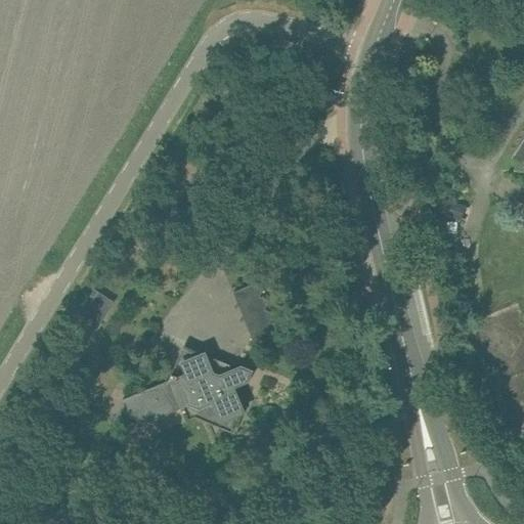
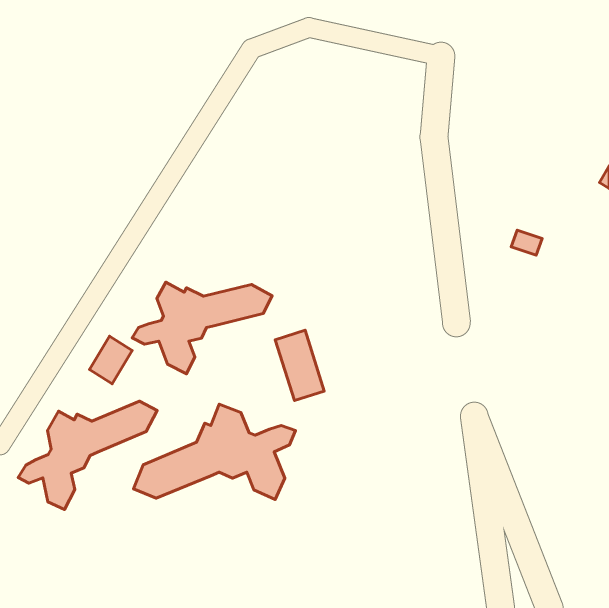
building: none -> [132,282,272,374]
building: none -> [18,401,157,509]

